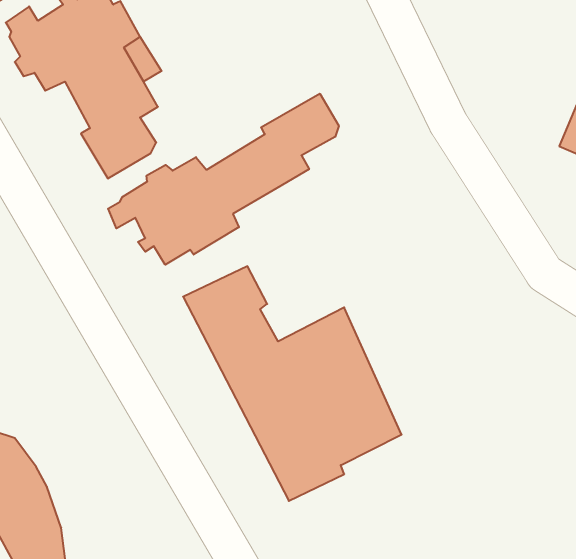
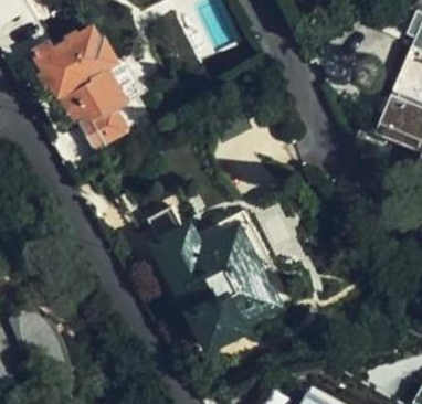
building: [108,94,339,265] -> none

